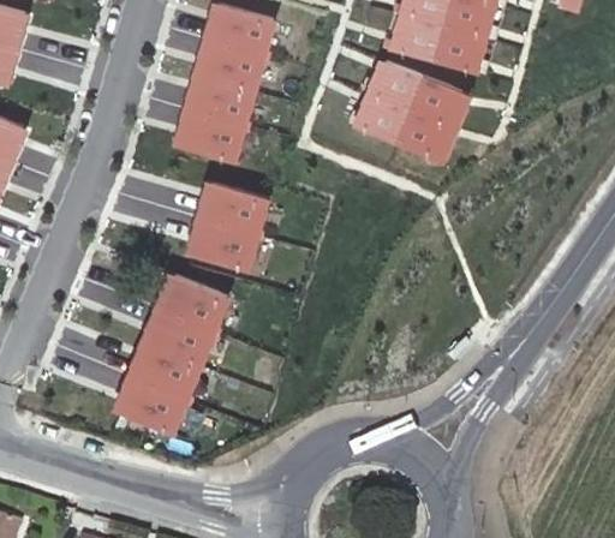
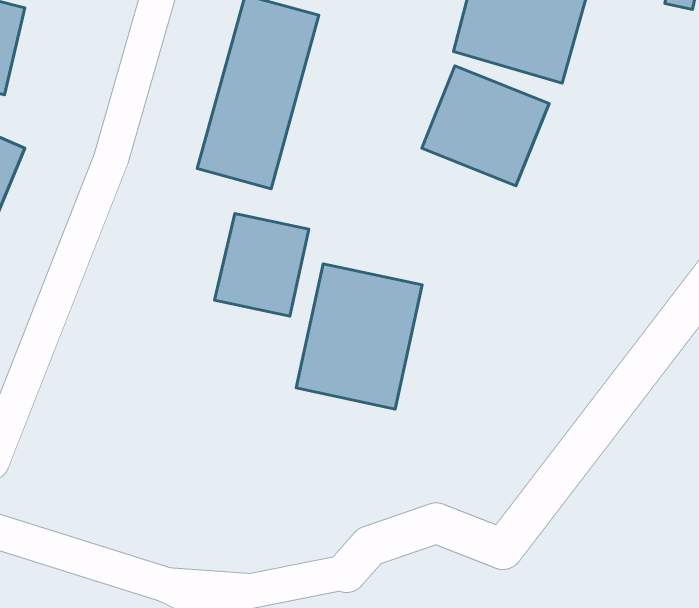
building: none -> [296,264,422,409]
building: [121,274,228,435] -> none

